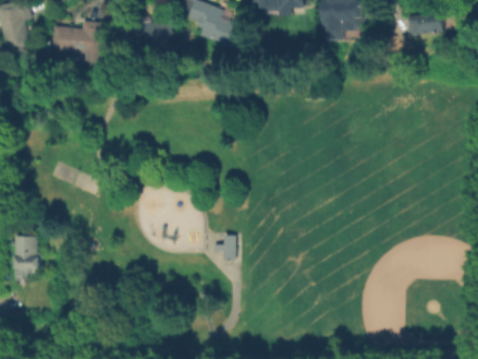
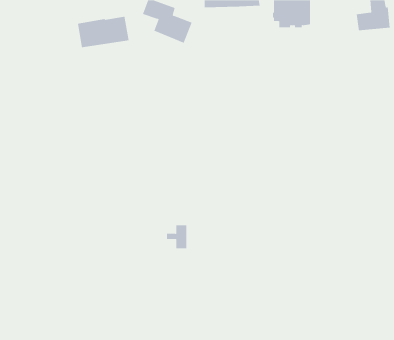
building: [52,21,103,59] -> none

